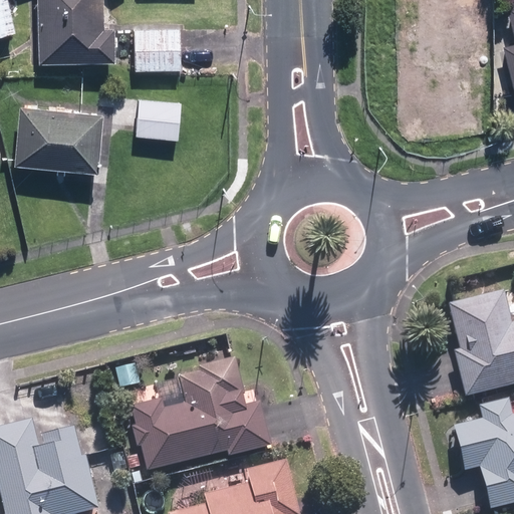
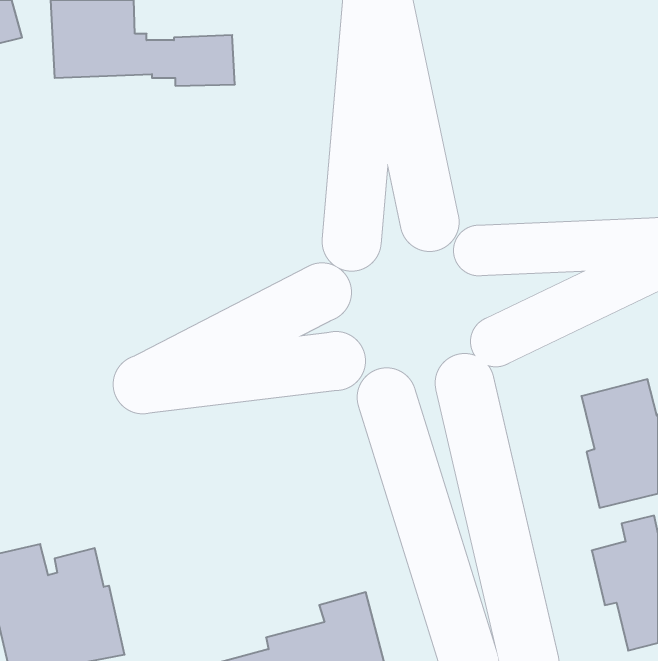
building: [137,99,181,140] -> none
building: [18,106,103,170] -> none
building: [132,358,267,470] -> none

